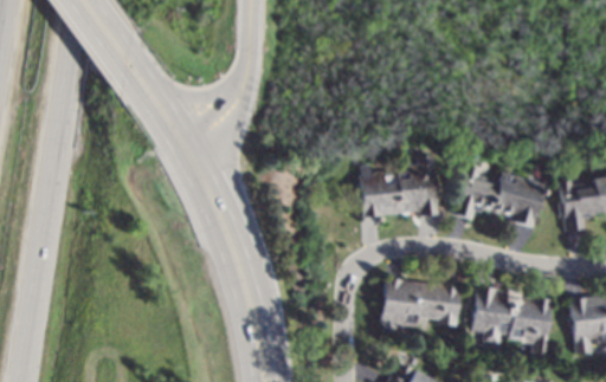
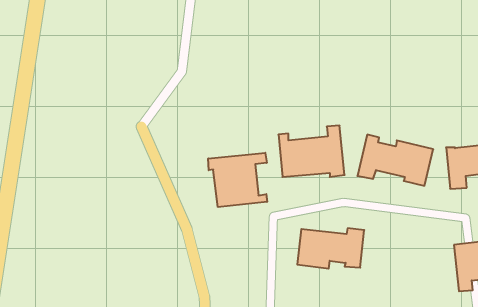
building: none -> [208,153,267,207]
building: [472,290,552,355] -> none

